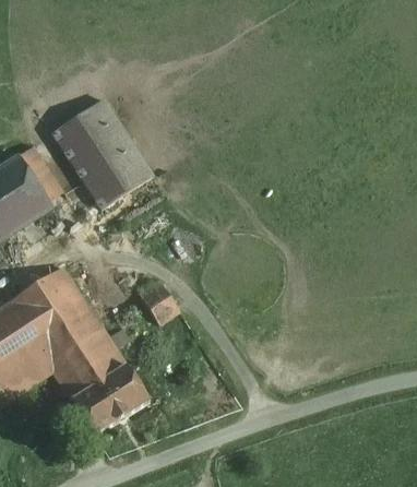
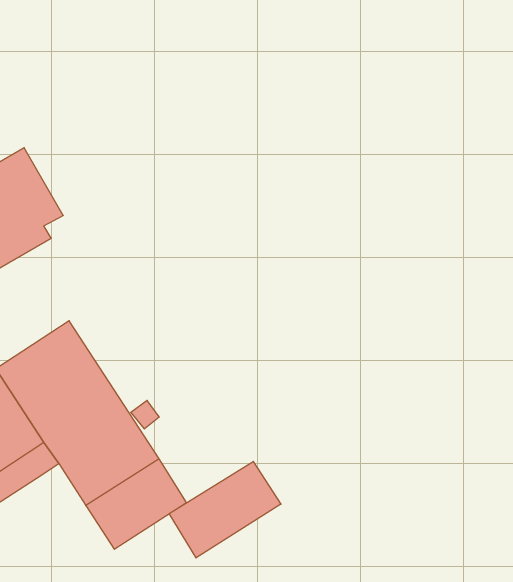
building: [48,95,151,205] -> none
building: none -> [169,461,281,558]

